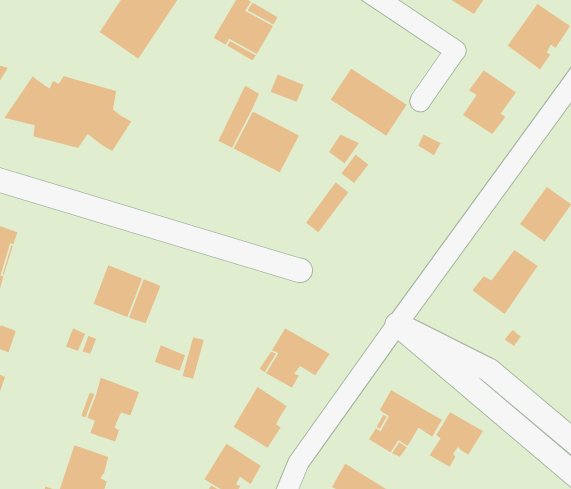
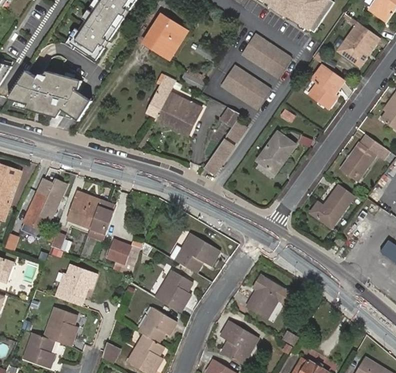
building: none -> [241,32,292,77]
building: none -> [255,130,294,171]
building: none -> [23,180,62,230]
building: [429,411,484,468] -> none

